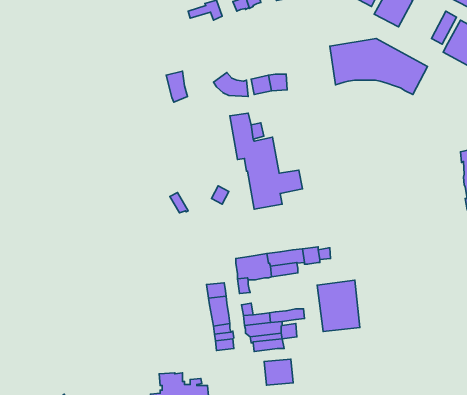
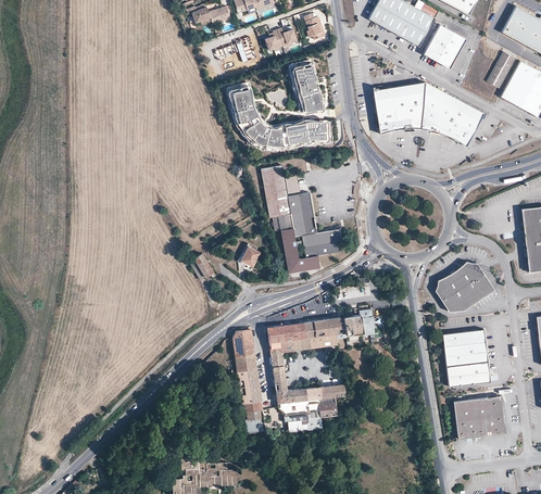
building: none -> [290,63,325,113]
building: [166,71,187,102] -> [231,88,255,123]
building: none -> [435,261,494,312]
building: none -> [232,330,255,357]
building: [317,280,360,332] -> [442,329,490,387]
building: none -> [453,395,505,439]
building: [264,359,293,385] -> none

